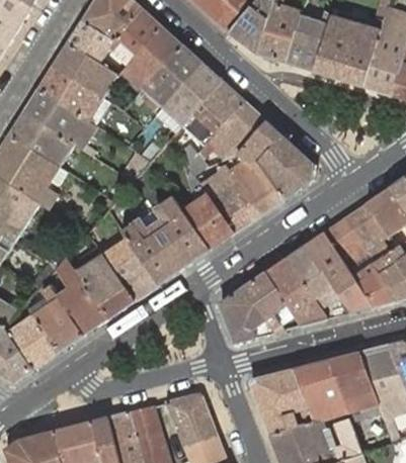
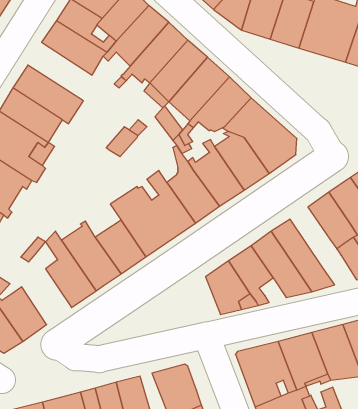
building: [37,66,108,125] -> none
building: [305,234,356,295] -> none
building: [28,286,82,353] -> none

